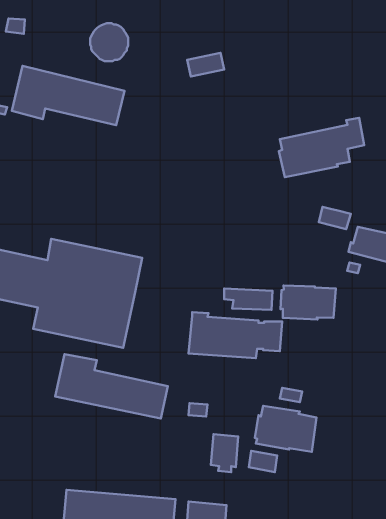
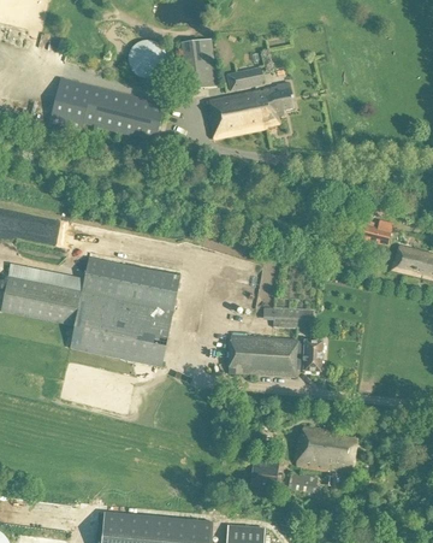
building: none -> [182,36,218,89]
building: [279,118,364,177] -> [207,78,293,138]
building: [280,285,336,320] -> none
building: [55,354,168,418] -> none

